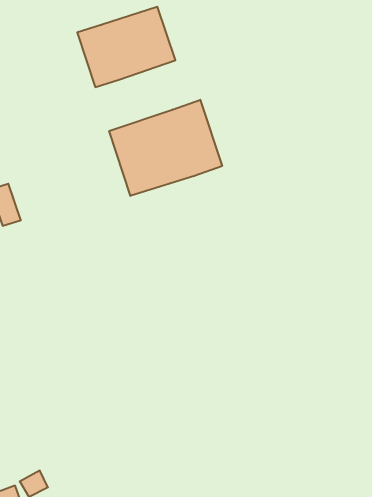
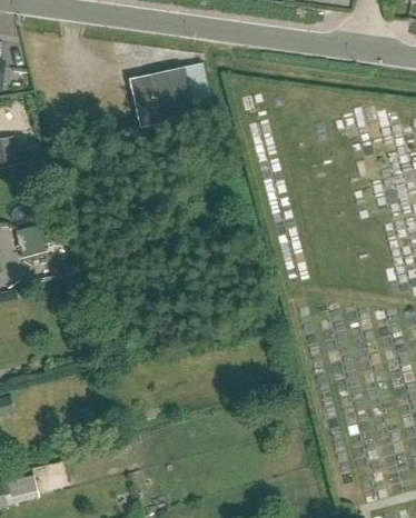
building: [109,100,222,196] -> none

